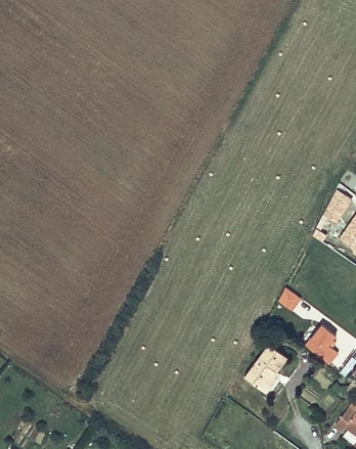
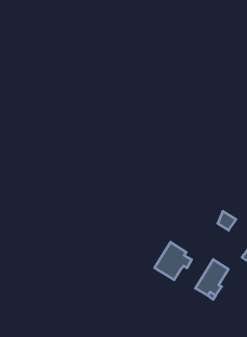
building: none -> [155,242,192,280]

